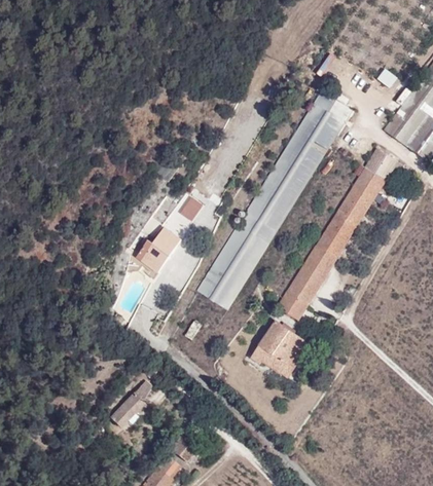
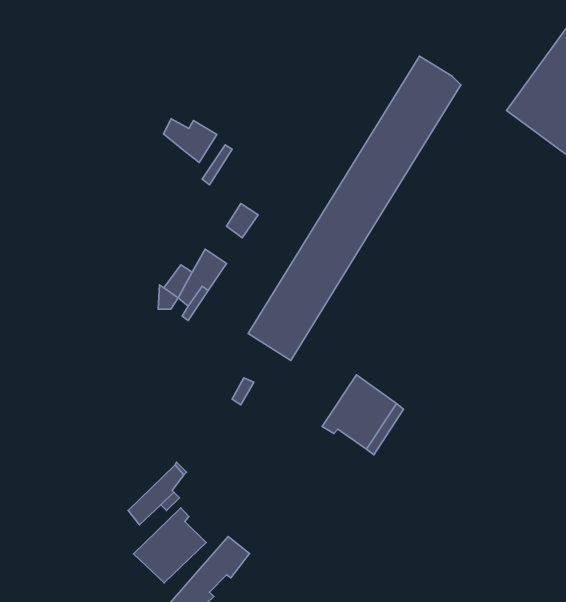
building: none -> [163,119,217,163]
building: [277,148,397,320] -> none
building: none -> [134,508,206,583]

